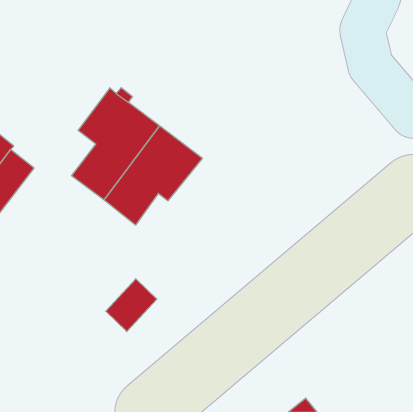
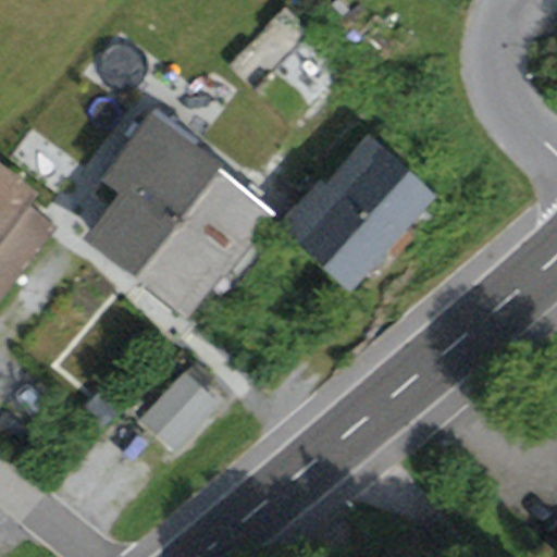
building: none -> [281,140,428,284]

